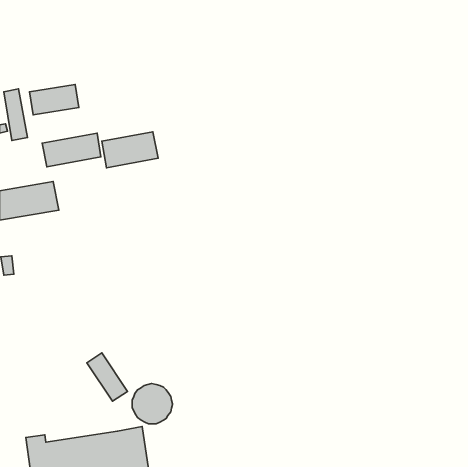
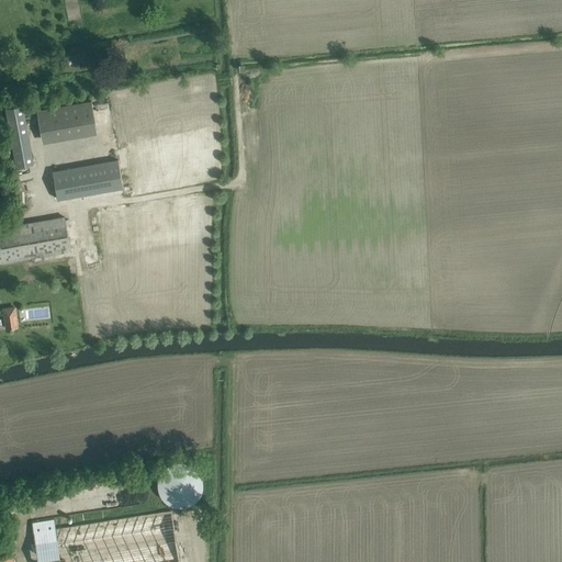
building: [102,132,158,168] -> none
building: [87,353,127,401] -> none

